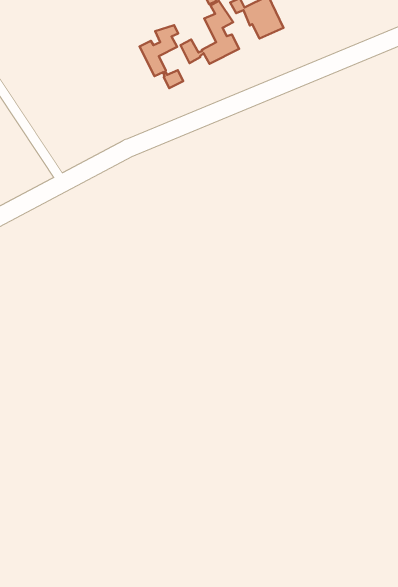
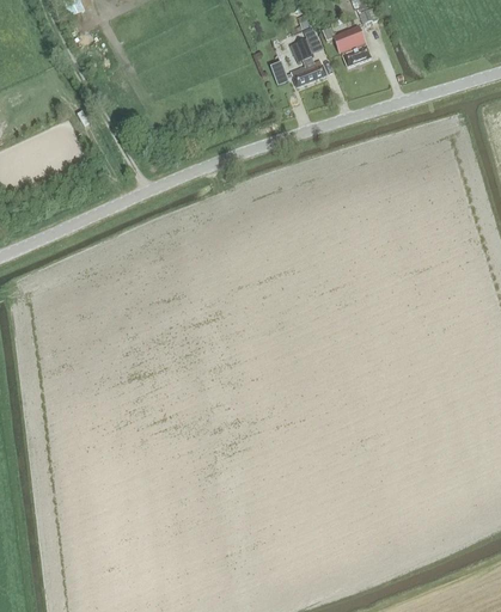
building: [139,25,183,88] -> none

